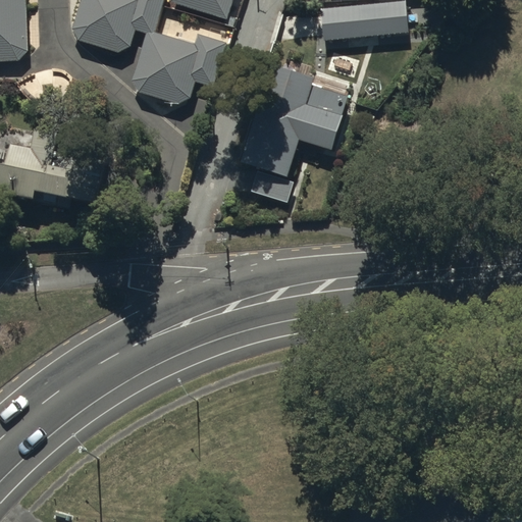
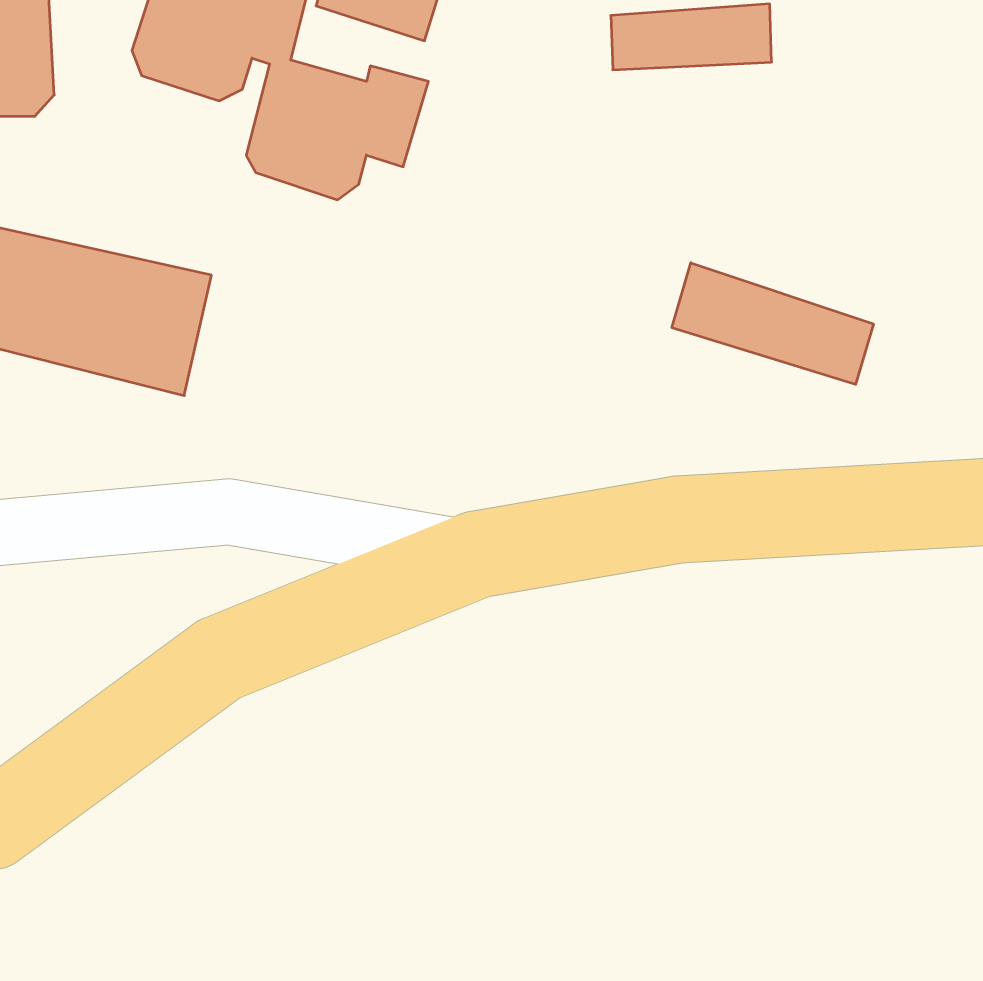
building: [239,65,348,179] -> none
building: none -> [672,263,873,384]

